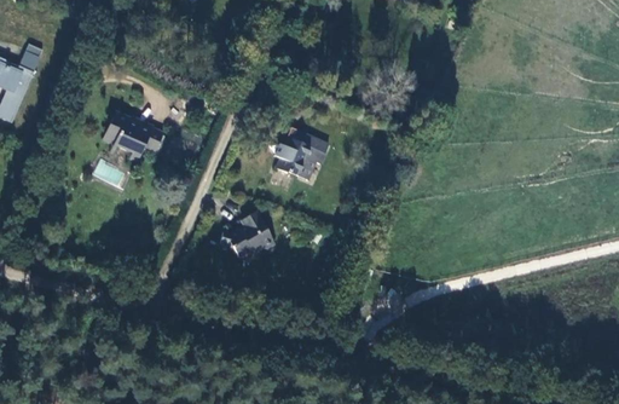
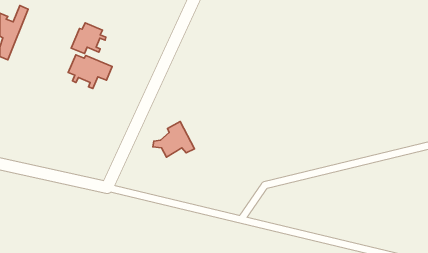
building: none -> [71,23,106,54]
building: [280,131,330,173] -> none

